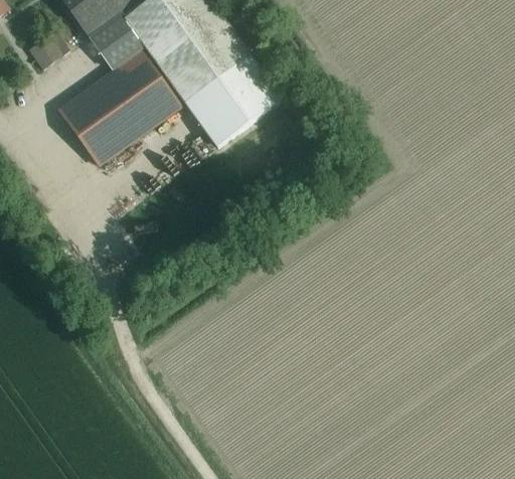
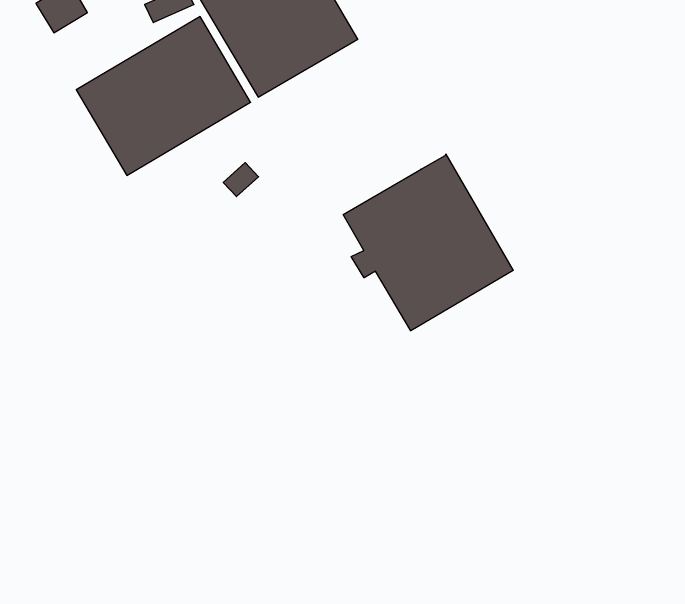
building: [185,56,281,146] -> none
building: none -> [343,154,513,331]

